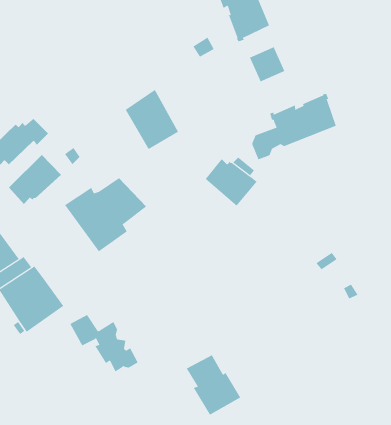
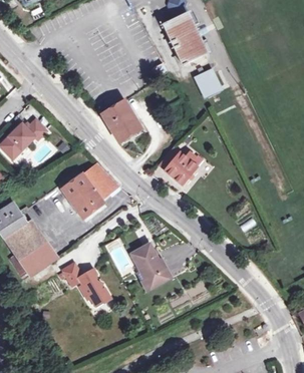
building: [252,93,337,160] -> none
building: [8,154,62,205] -> none
building: [186,355,241,415] -> [130,246,171,290]

